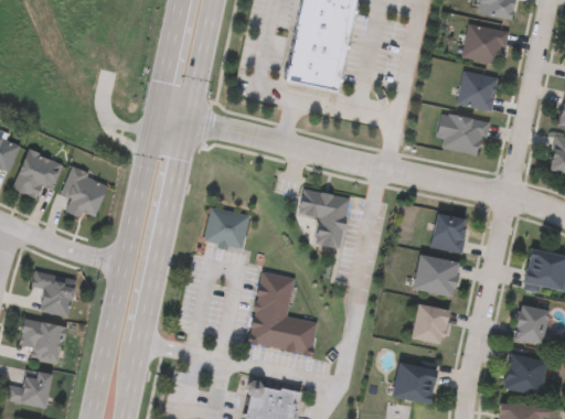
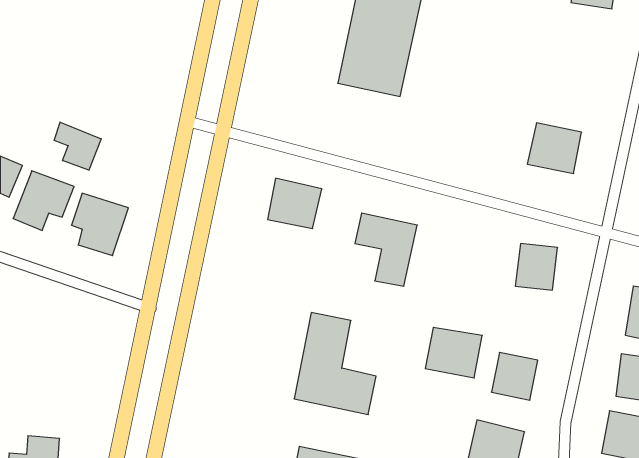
building: [461,22,507,65] -> none
building: [456,71,497,110] -> none
building: none -> [54,122,101,170]
building: [204,207,249,249] -> [268,178,322,229]
building: [413,254,460,296] -> [425,327,482,378]
building: [32,273,77,320] -> none
building: [20,320,66,366] -> none

